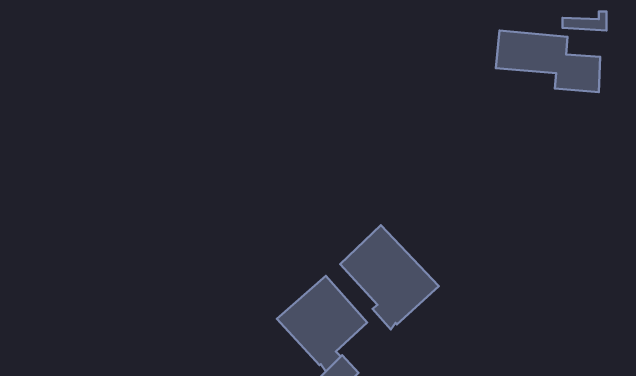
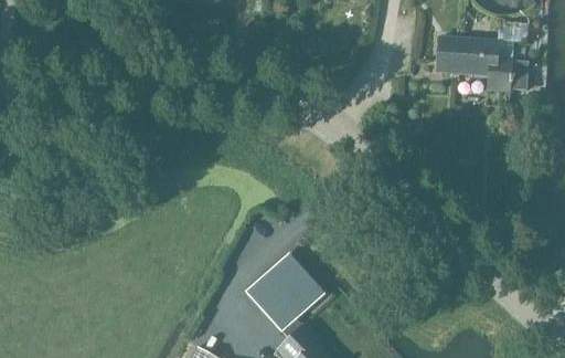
building: [340,225,439,330] -> none

